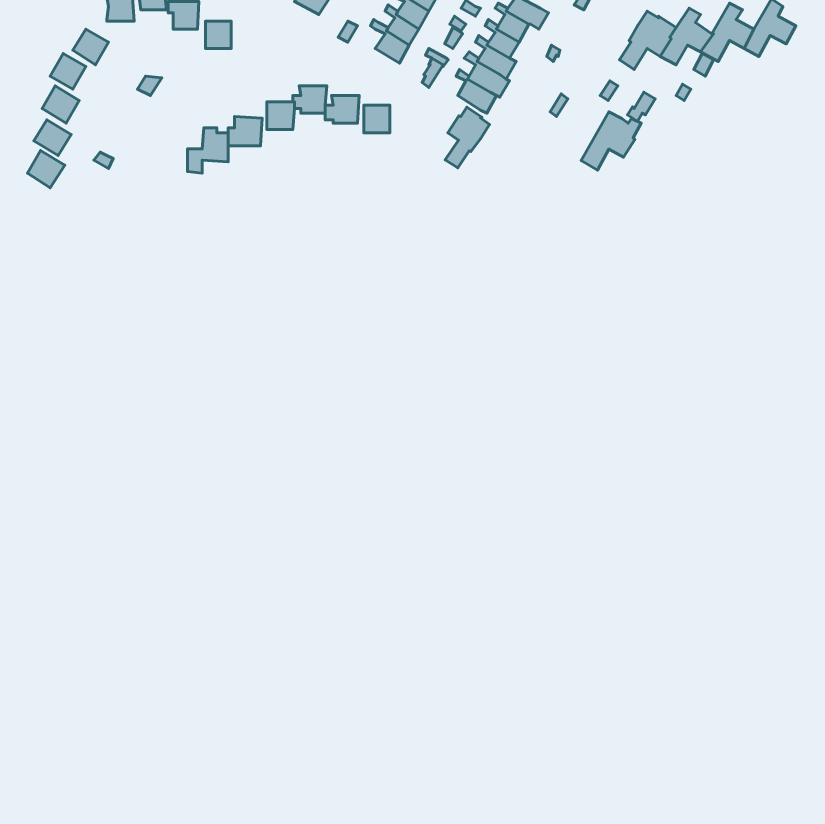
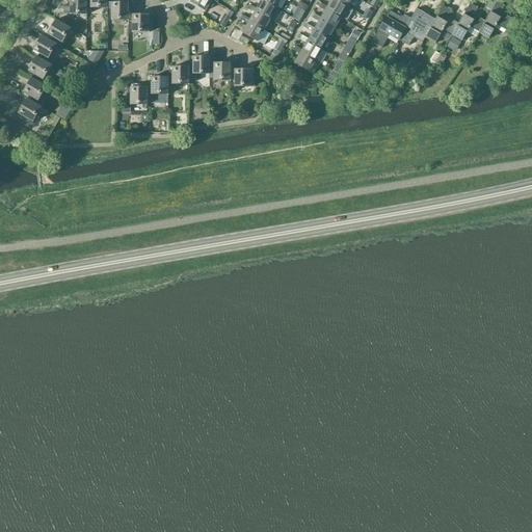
building: [445,107,490,168] -> none
building: [581,112,641,170] -> [371,9,409,47]

